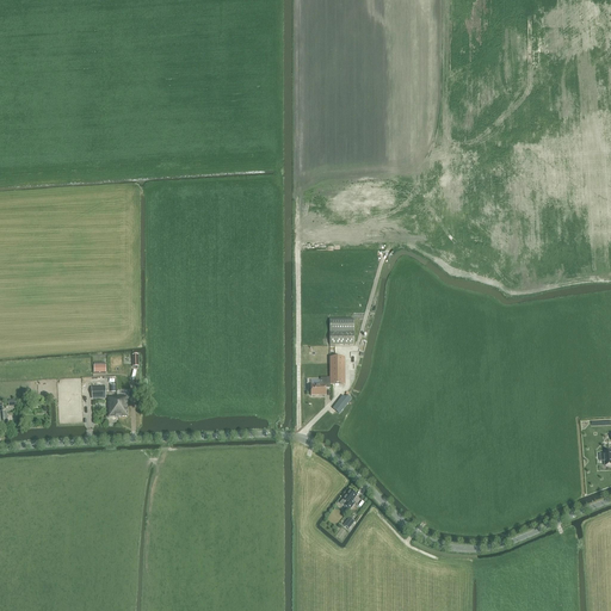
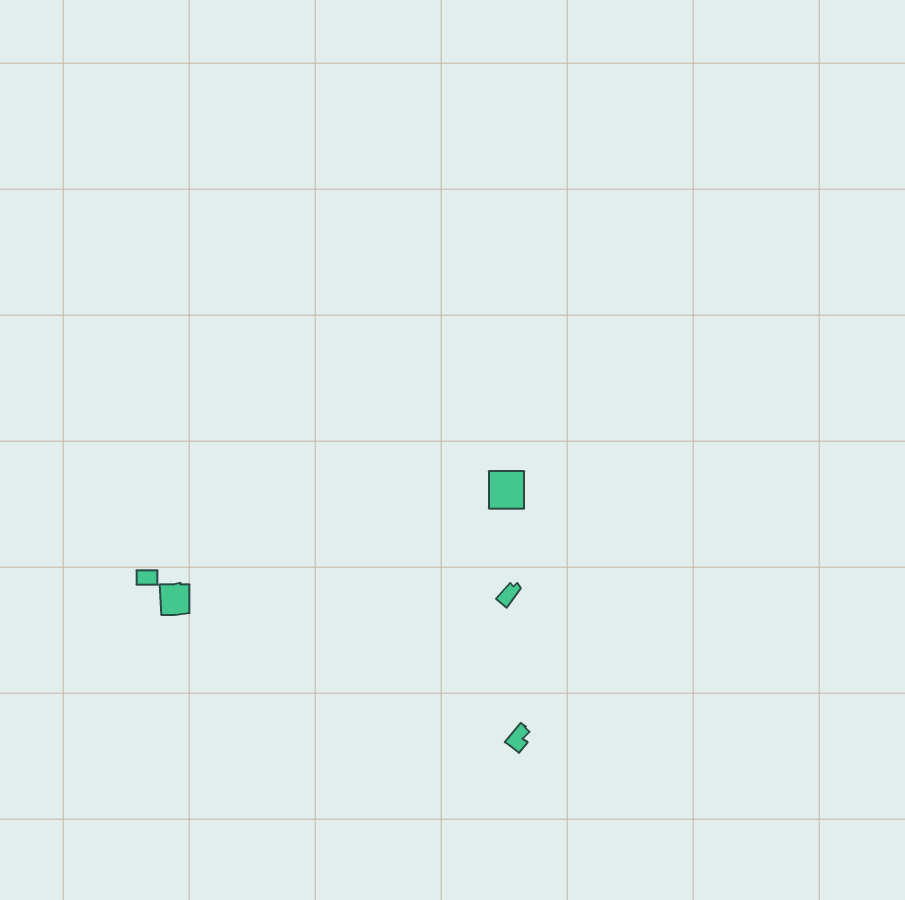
building: [311,356,345,393] -> none

